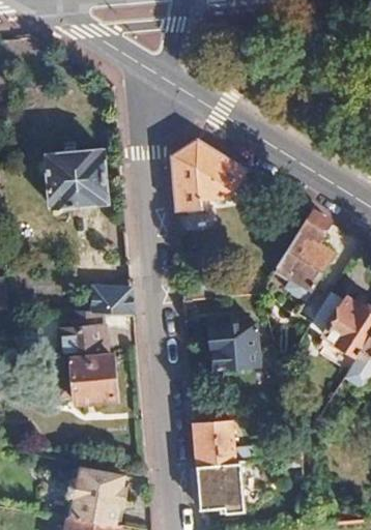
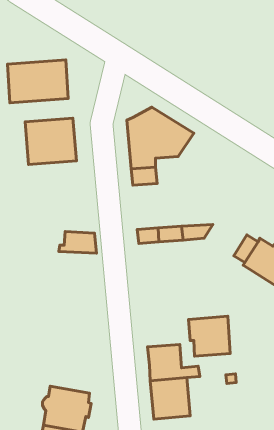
building: none -> [7,60,68,103]
building: [277,209,331,288] -> none
building: [209,324,259,372] -> [189,316,230,356]
building: [63,326,118,403] -> none

